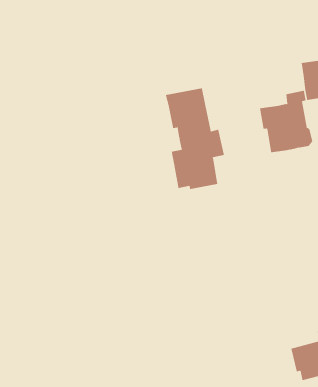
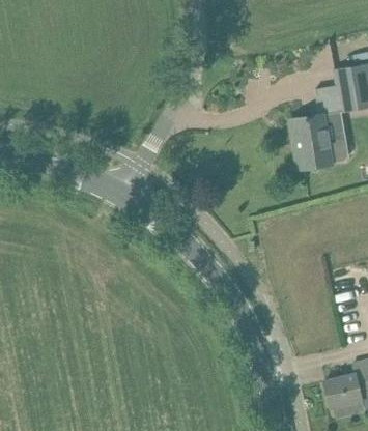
building: [165,87,224,190] -> none

